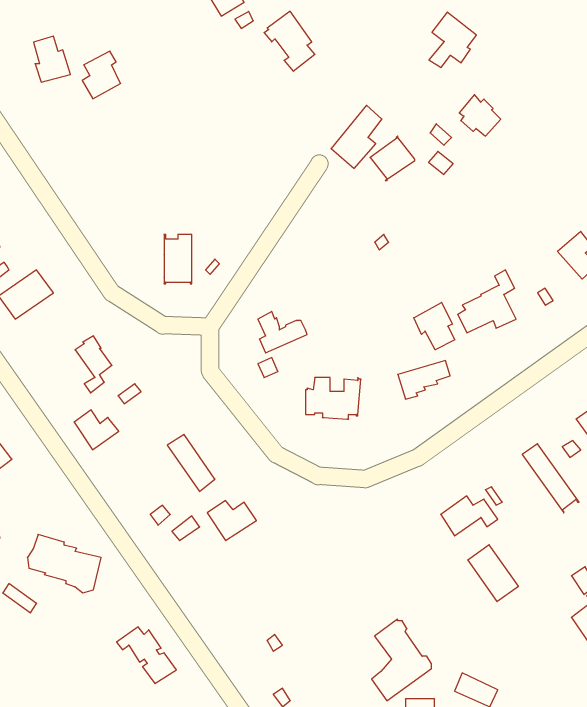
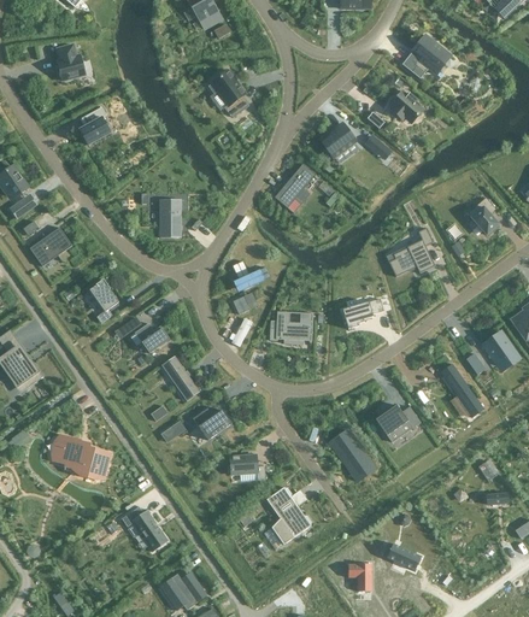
building: [264,11,315,71] -> [207,69,247,116]
building: [429,12,476,68] -> [410,34,447,77]
building: [82,51,121,99] -> [78,106,108,143]
building: [331,105,382,168] -> [274,163,313,212]
building: [414,302,455,350] -> none
building: [74,410,119,450] -> [134,322,169,353]
building: [468,545,518,602] -> [329,429,369,474]
building: none -> [227,453,265,481]
building: [372,619,431,701] -> [263,486,310,550]

